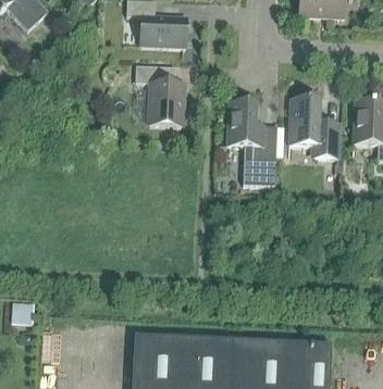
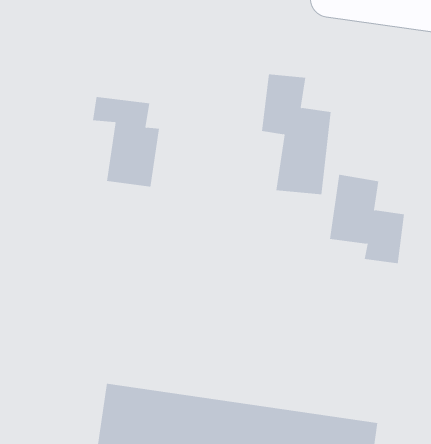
building: [135,65,184,126] -> [92,96,160,187]
building: [288,98,341,158] -> [329,174,405,264]

